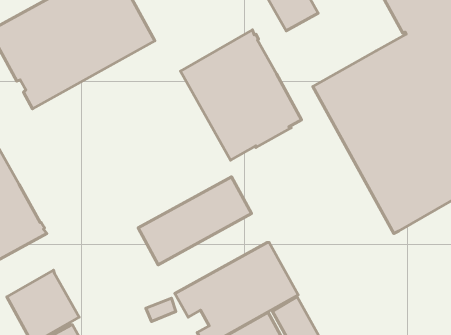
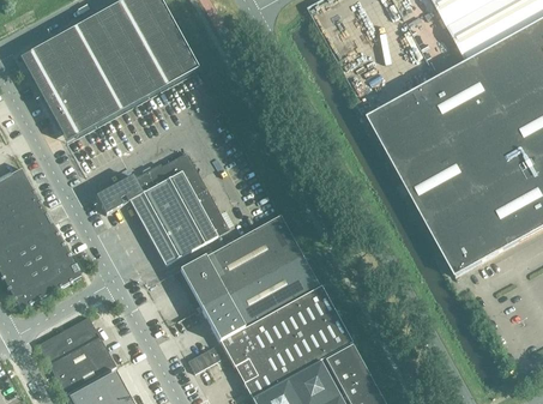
building: [181,30,302,160] -> none
building: none -> [96,151,229,263]
building: none -> [201,253,319,340]

